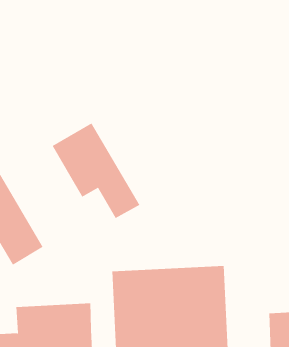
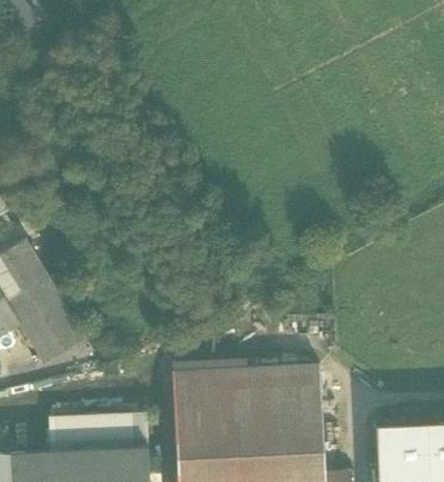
building: [52,122,140,219] -> none

